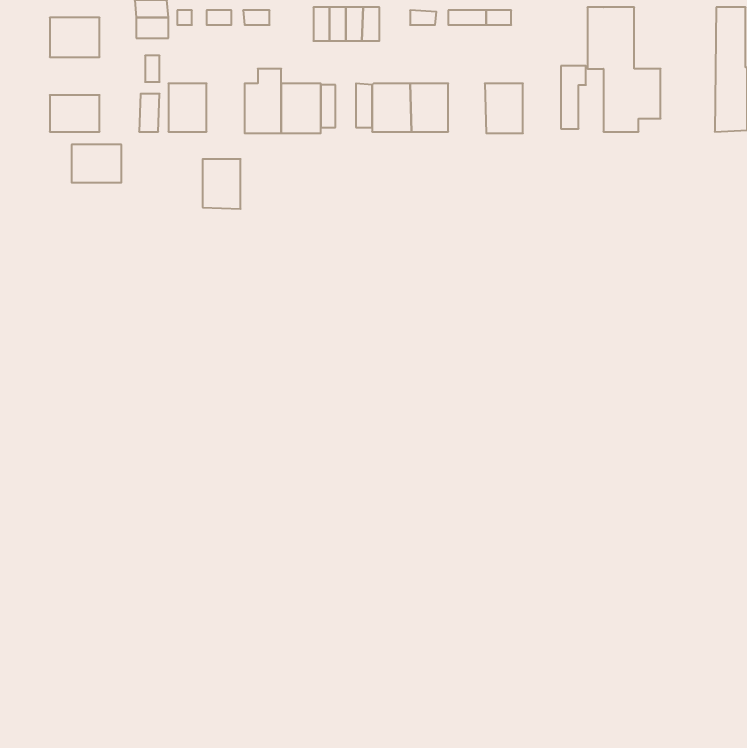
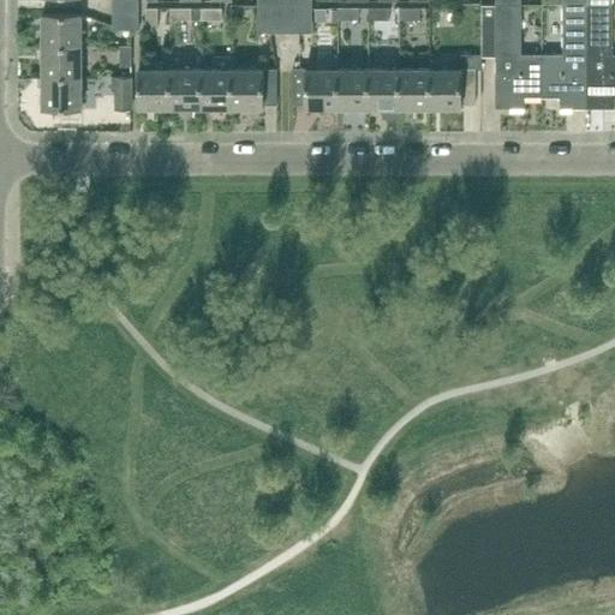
building: none -> [542,6,587,108]
building: none -> [368,68,399,109]
building: none -> [429,68,460,109]
building: [72,145,121,183] -> [41,47,82,78]
building: [203,159,241,209] -> [169,68,201,109]

